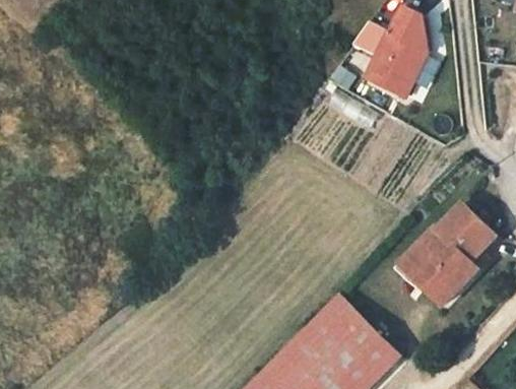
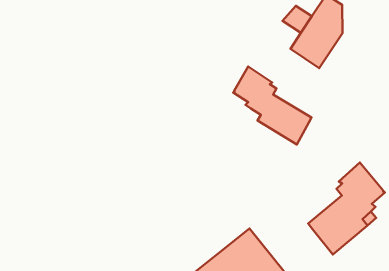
building: none -> [233,66,312,145]
building: [390,233,444,293] -> none

